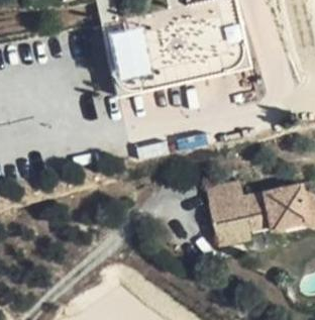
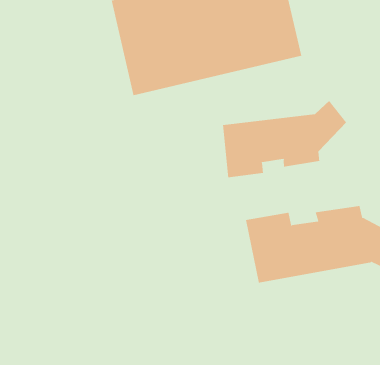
building: none -> [222,100,347,178]

